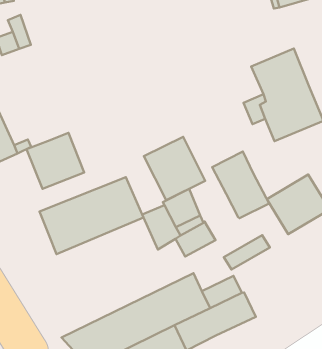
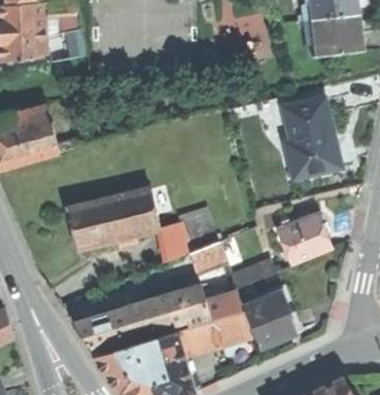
building: [27,133,84,189] -> none
building: [144,137,205,200] -> none
building: [212,151,269,218] -> none
building: none -> [243,291,295,348]

